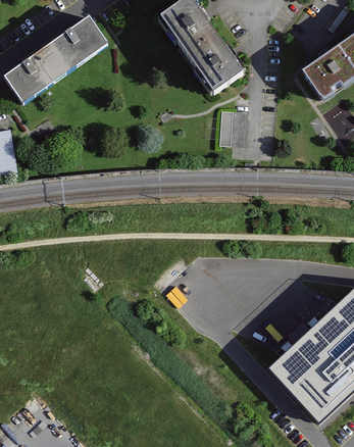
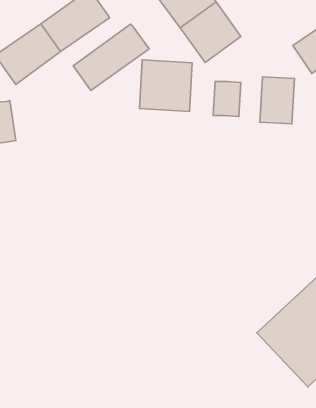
building: none -> [73,24,149,90]
building: none -> [139,60,192,112]
building: none -> [260,77,295,124]

